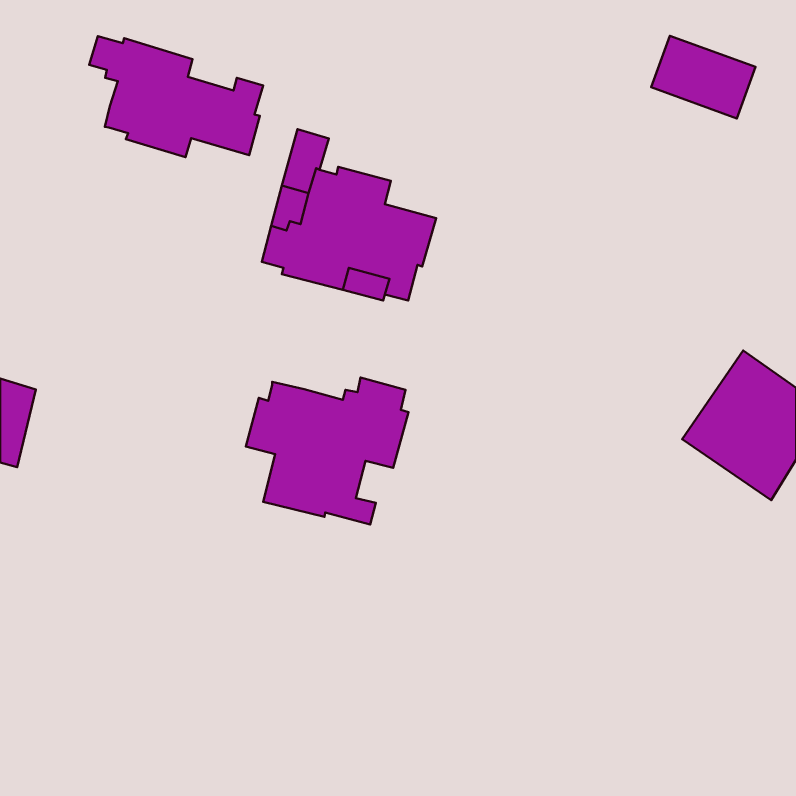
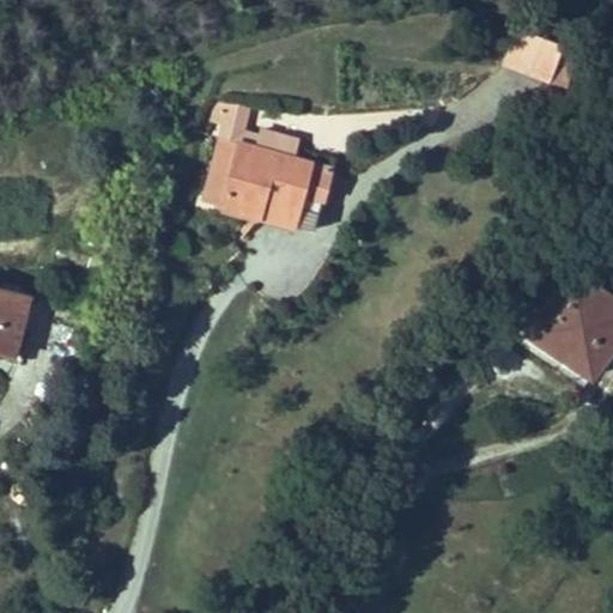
building: [89,36,263,157] -> none
building: [246,378,409,524] -> none

